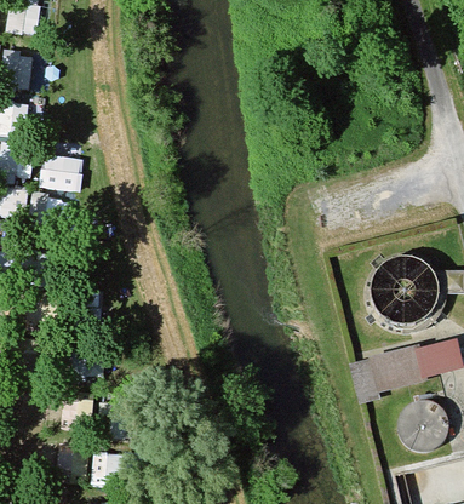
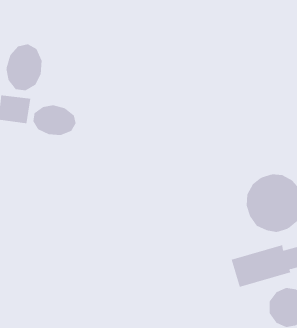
building: none -> [6,44,42,91]
building: none -> [33,104,76,136]

